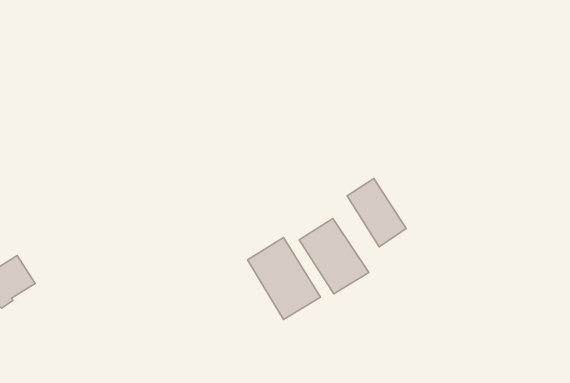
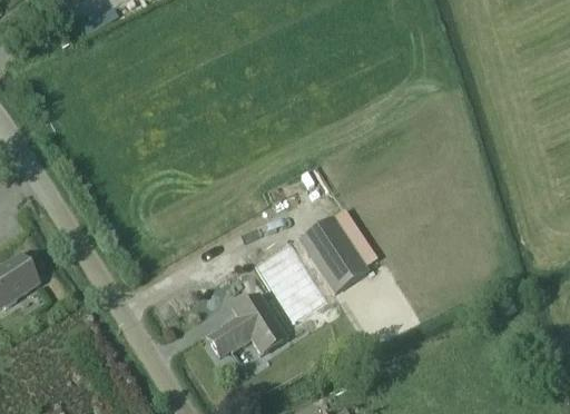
building: [347,178,406,247] -> none
building: none -> [207,294,286,355]

